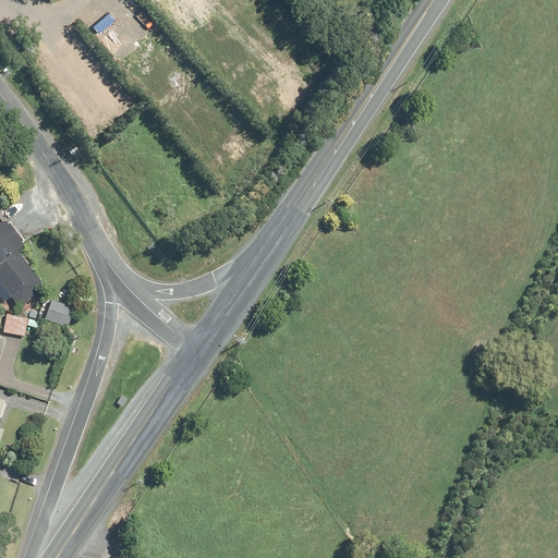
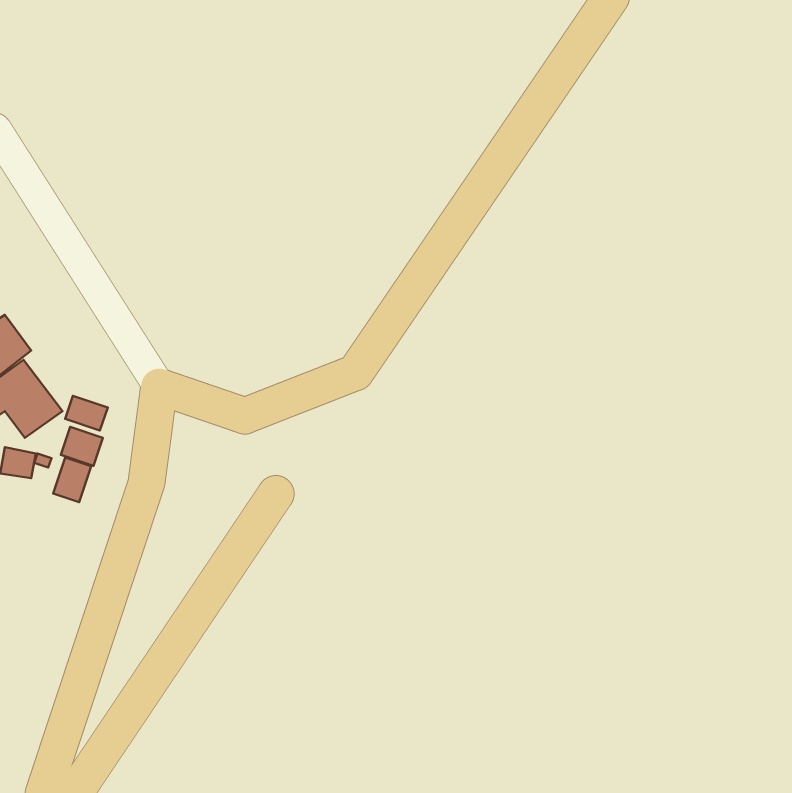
building: none -> [65,396,108,431]
building: none -> [53,457,91,502]

